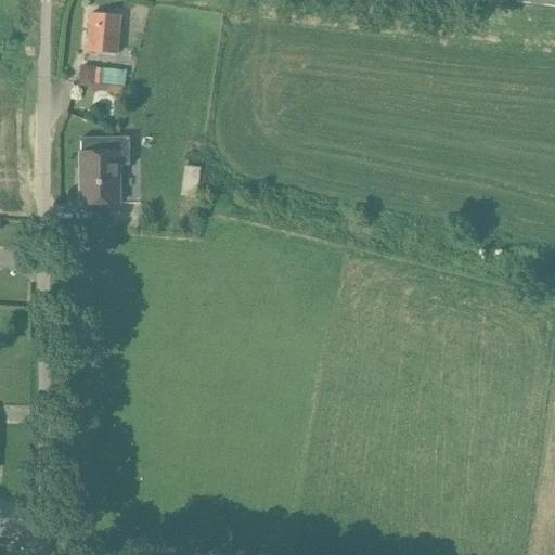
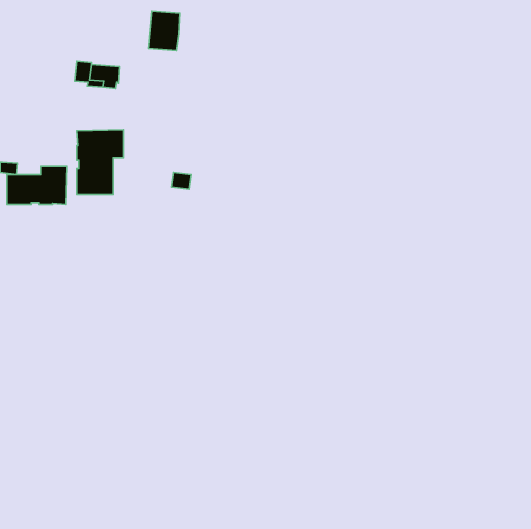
building: [87,12,119,53] -> [149,11,180,51]
building: none -> [7,166,67,204]

